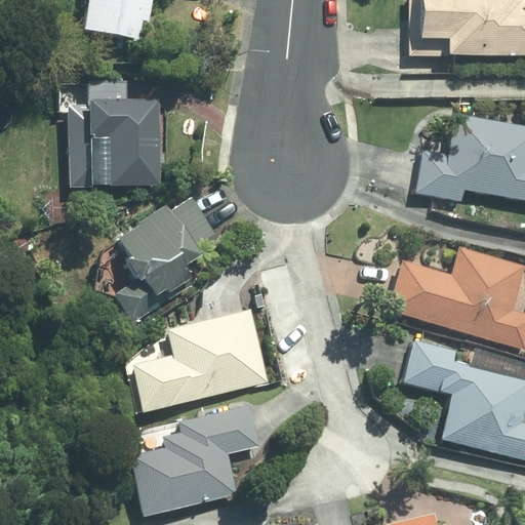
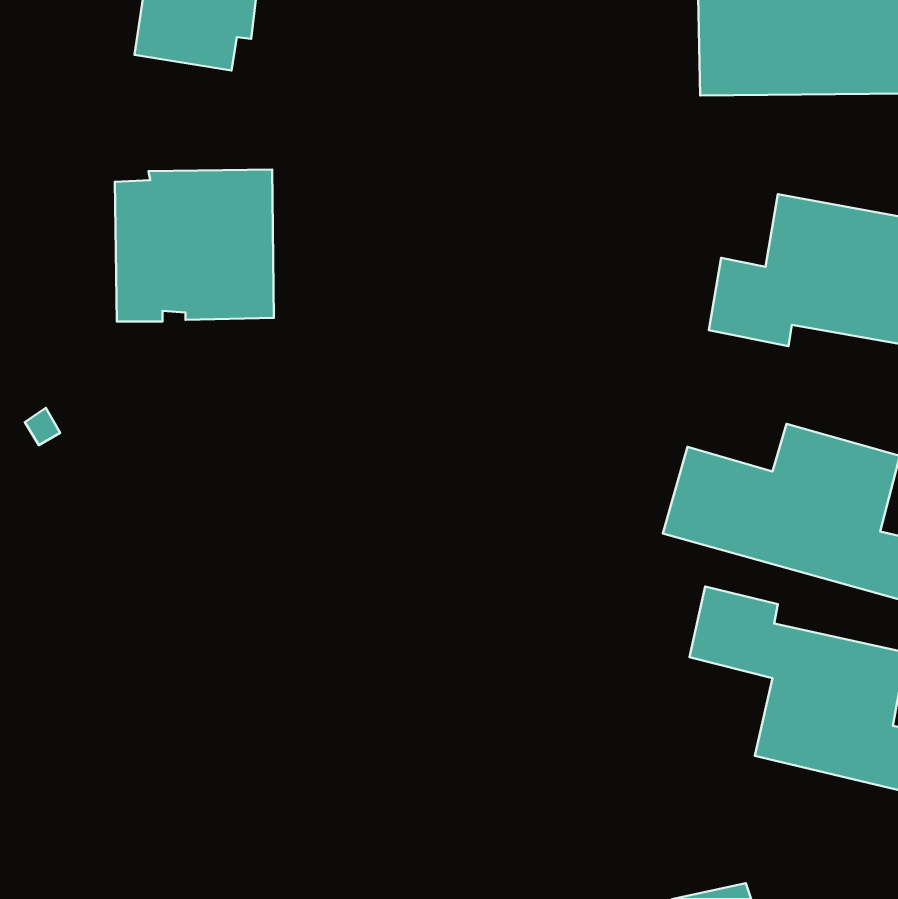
building: [114,197,216,323] -> none
building: [130,311,269,413] -> none
building: [129,404,261,517] -> none

